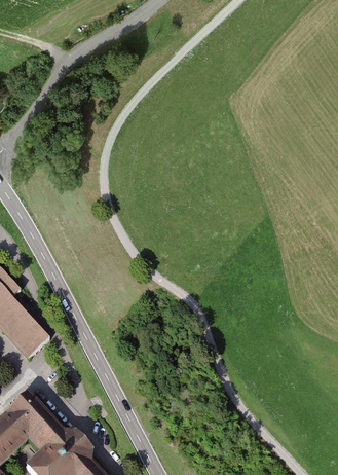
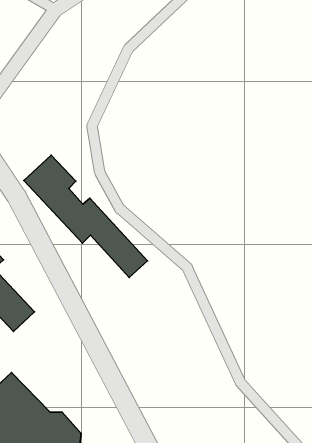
building: none -> [24,155,147,277]

